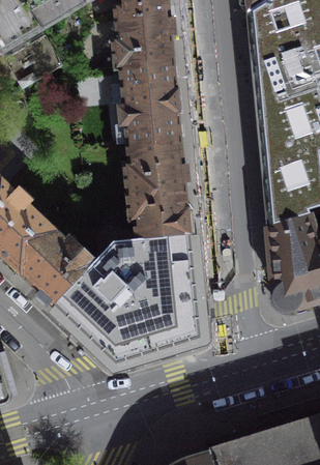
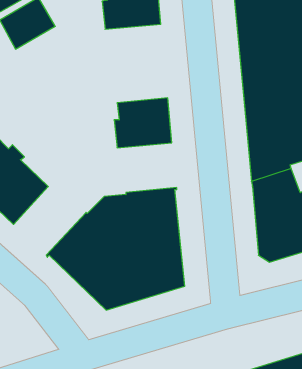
building: [115,63,180,145] -> none
building: [127,186,190,238] -> none
building: [20,232,95,303] -> none

